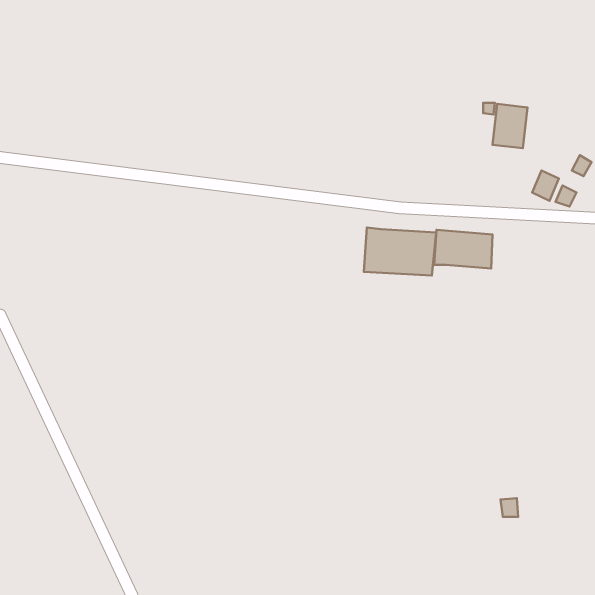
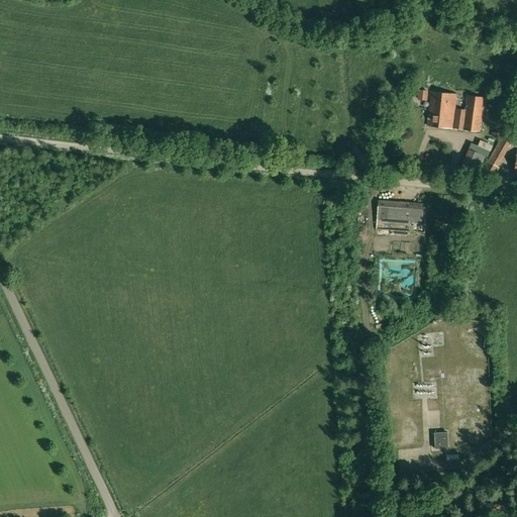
building: none -> [454,94,485,131]
building: [364,227,436,275] -> none

